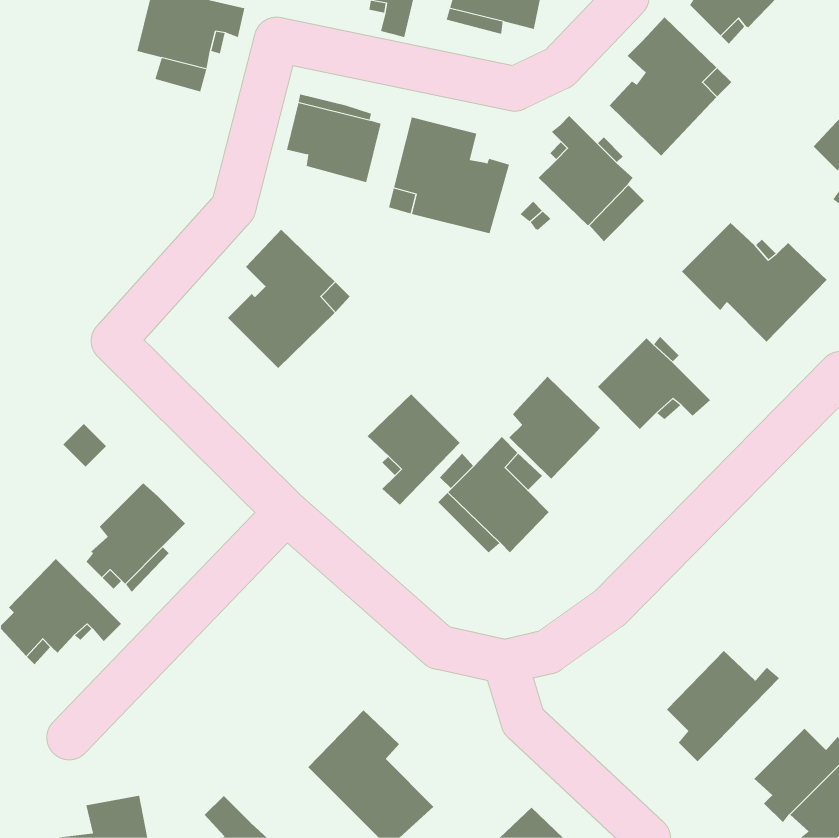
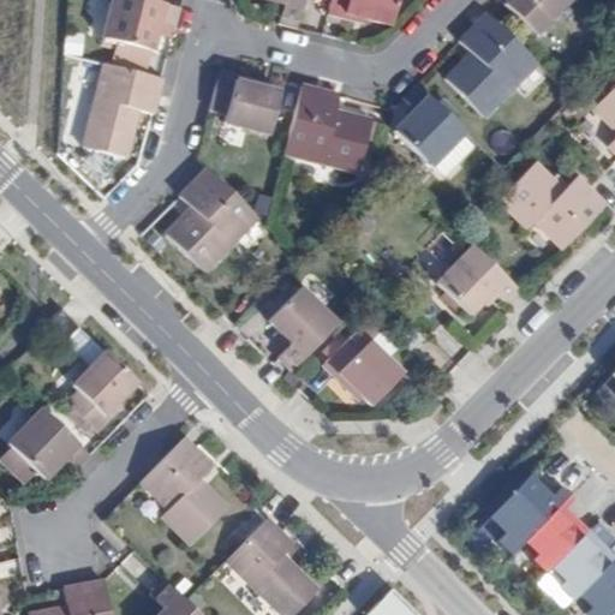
building: none -> [83,62,162,159]
building: [508,376,601,480] -> none
building: none -> [139,436,228,545]
building: none -> [525,495,589,574]

